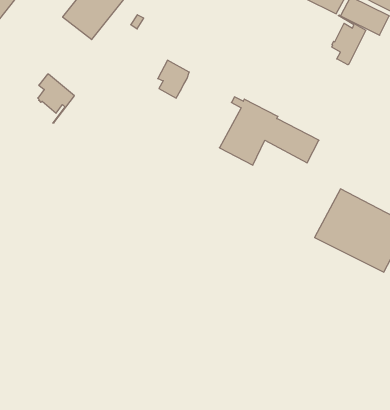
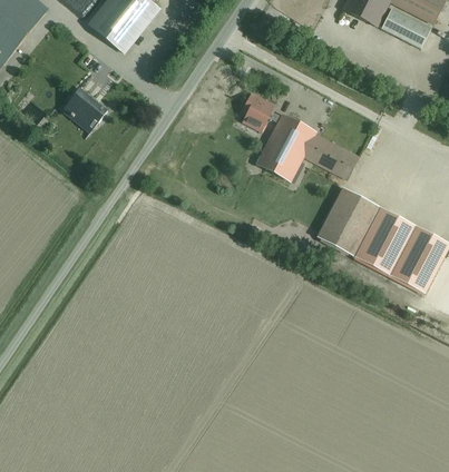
building: [332,15,366,65] -> none
building: [158,60,189,98] -> [241,92,273,131]
building: none -> [315,186,378,255]

